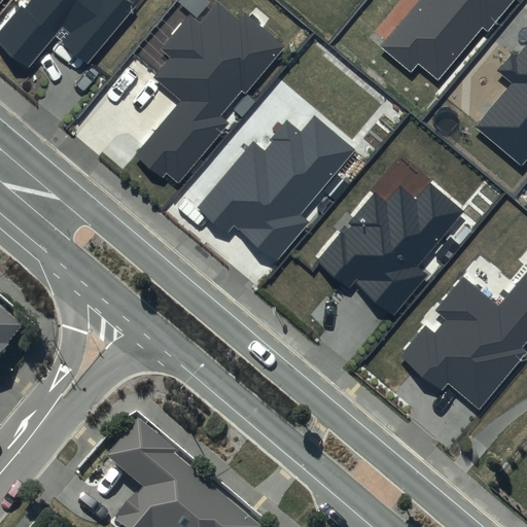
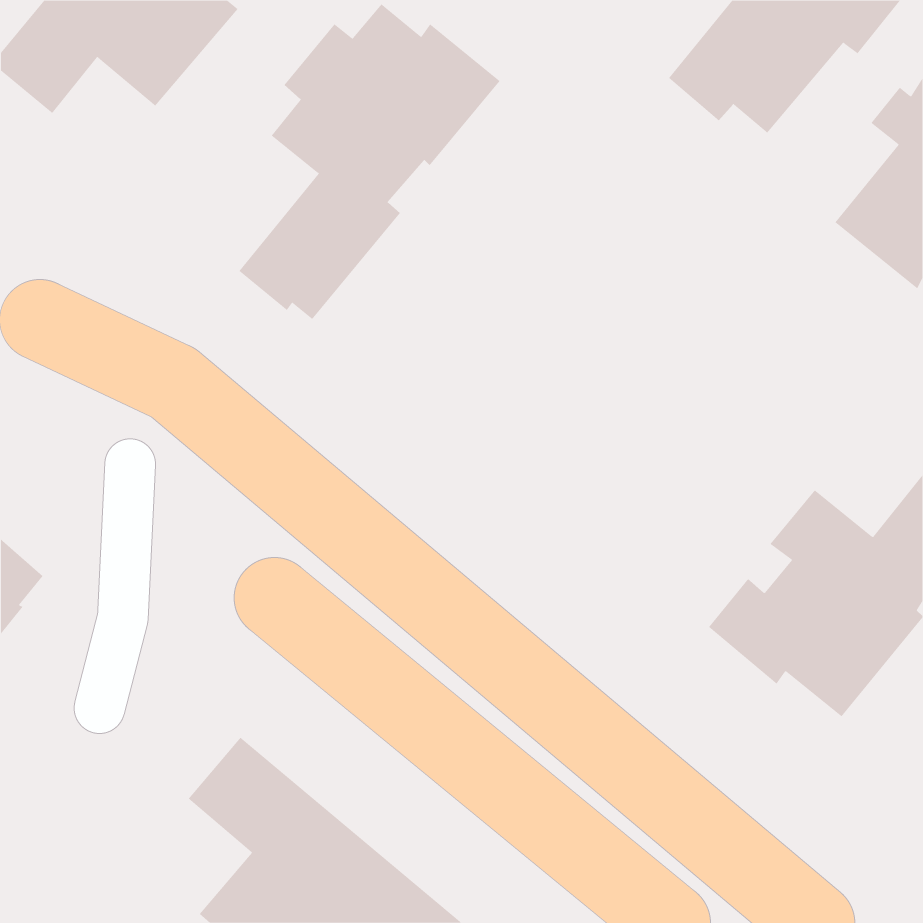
building: [199,117,354,260] -> none
building: [317,182,465,312] -> none

